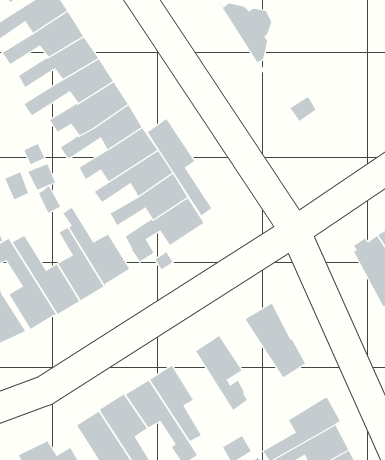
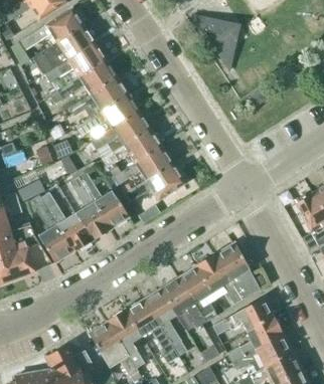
building: [147,118,212,220] -> none
building: none -> [194,253,242,305]
building: none -> [160,278,205,328]
building: none -> [212,296,273,334]

